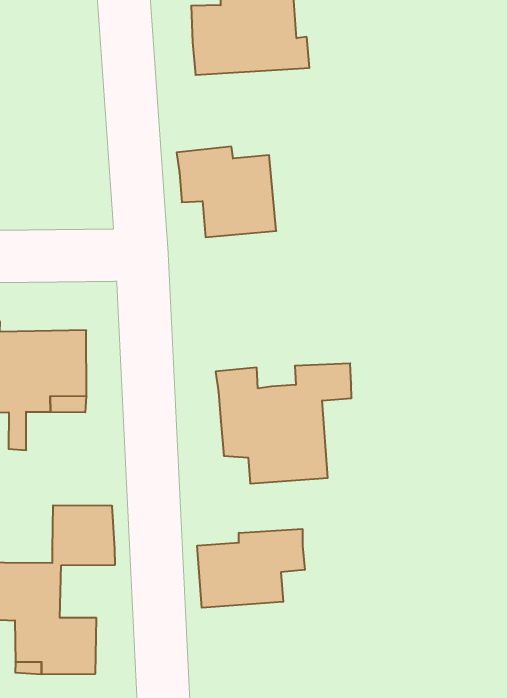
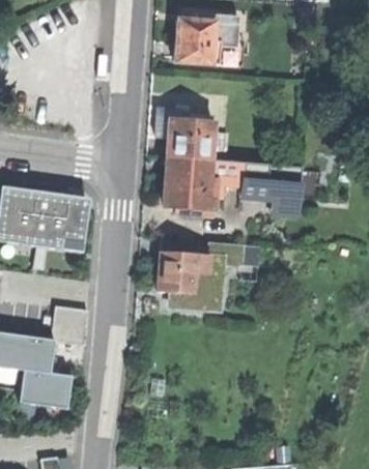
building: none -> [166,158,304,217]
building: [197,529,305,608] -> none

